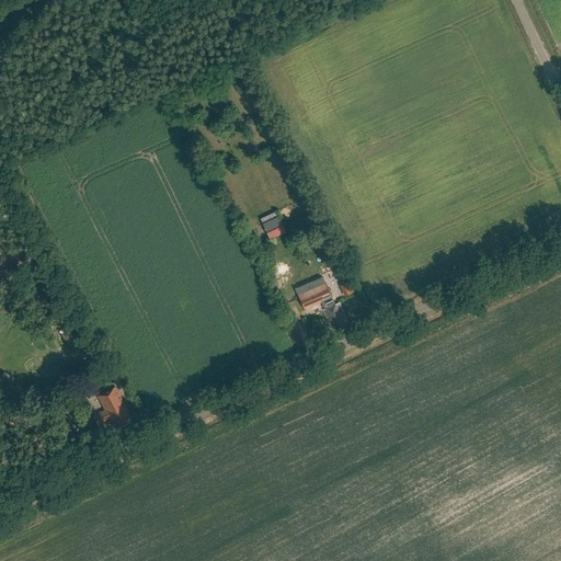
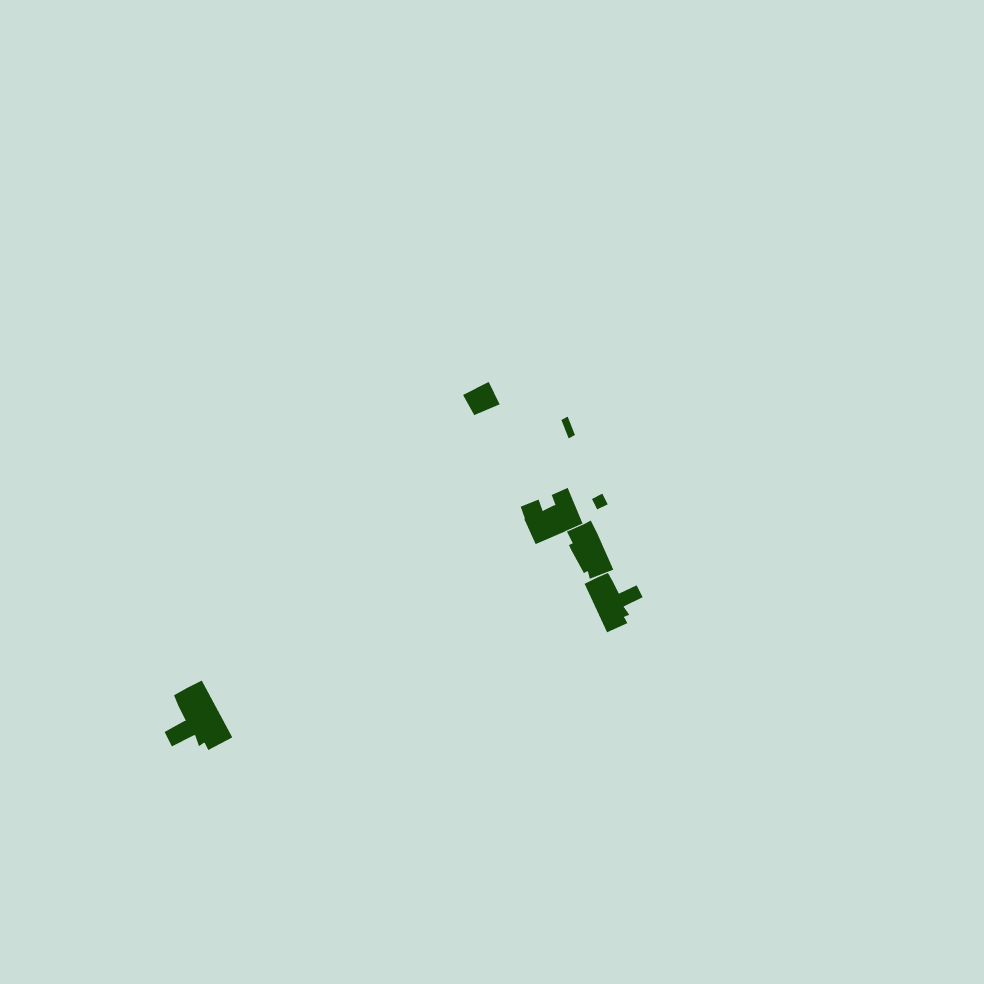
building: none -> [584,572,643,633]

